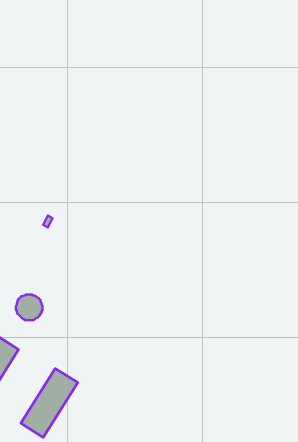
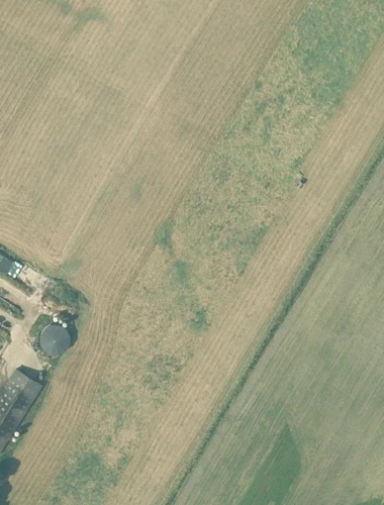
building: [21,368,78,437] -> none

